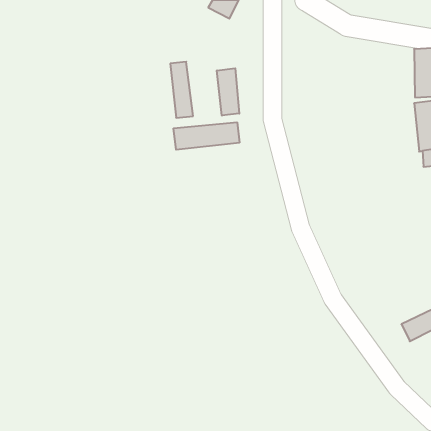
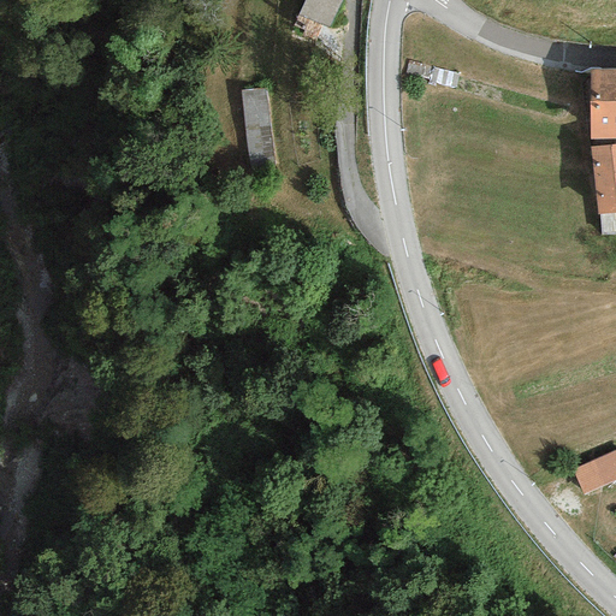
building: [217,68,239,116] -> none
building: [174,122,239,150] -> none

